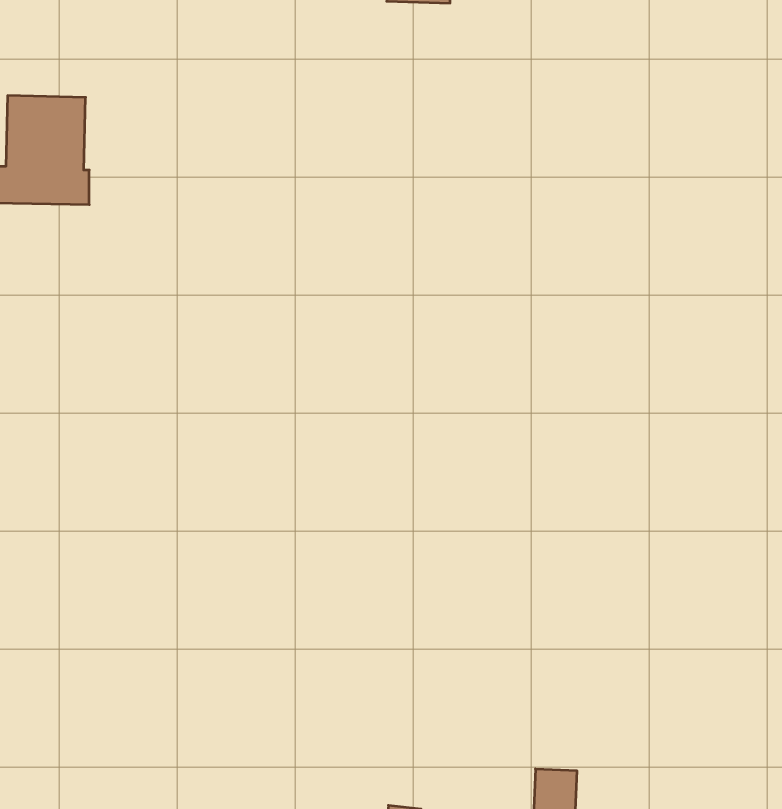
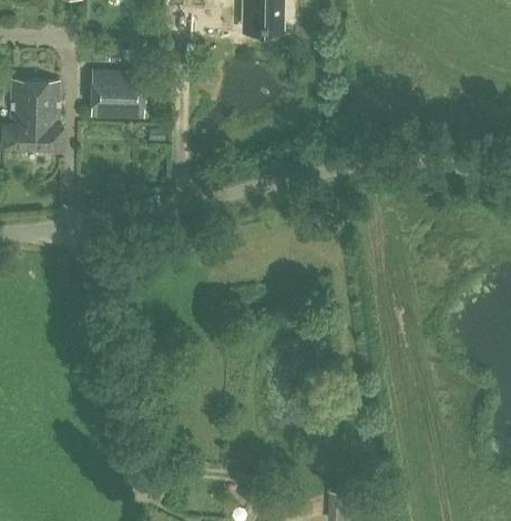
building: none -> [91,70,145,120]

